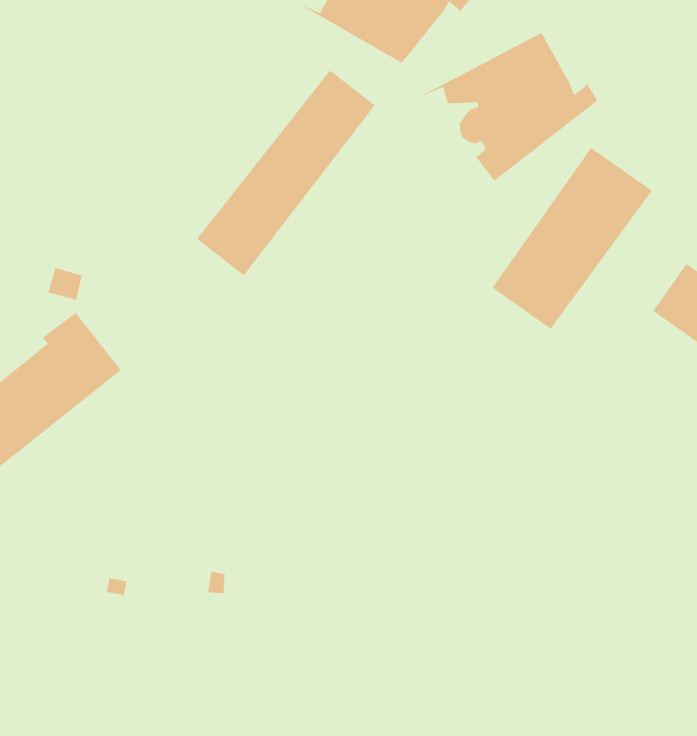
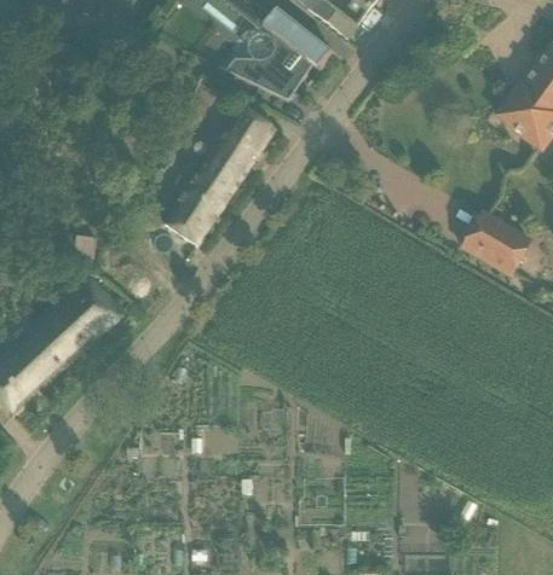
building: [420,32,598,182] -> none
building: [492,147,653,330] -> none

